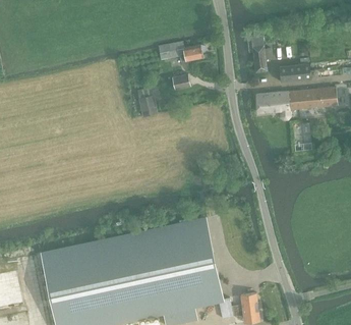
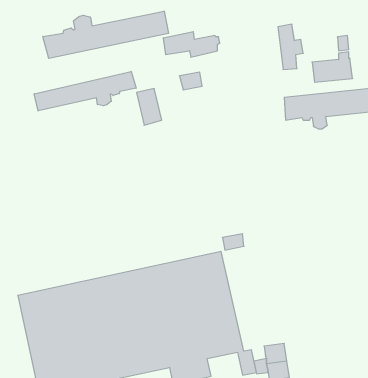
building: none -> [43,11,168,58]
building: none -> [34,71,136,111]

